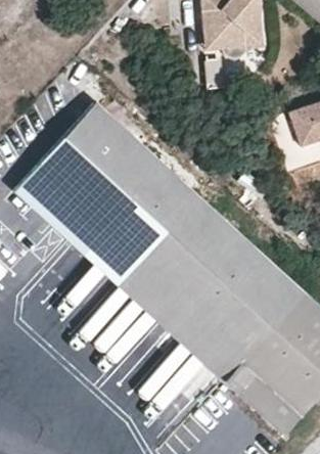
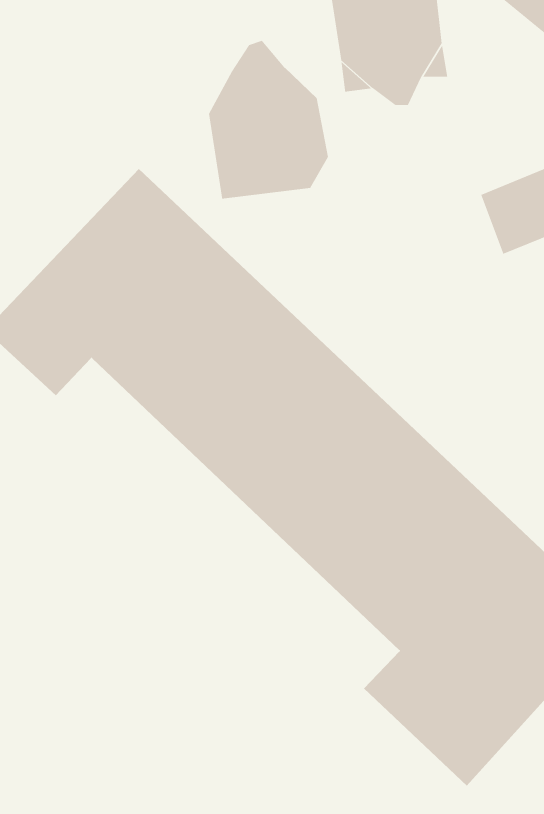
building: none -> [208,40,329,200]
building: [54,202,240,381] -> none

